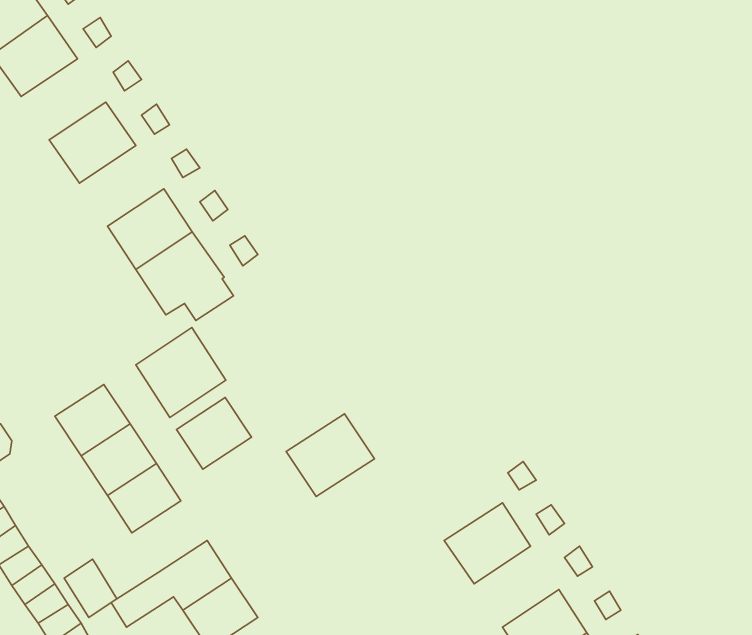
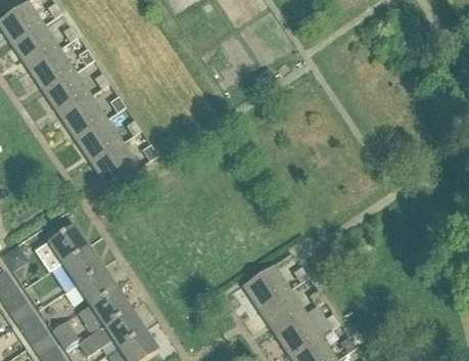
building: none -> [29,47,75,91]
building: none -> [60,94,106,138]
building: [136,327,226,418] -> none
building: [176,398,252,469] -> [89,287,130,326]
building: [286,414,374,496] -> [242,264,290,309]
building: none -> [275,312,321,356]

